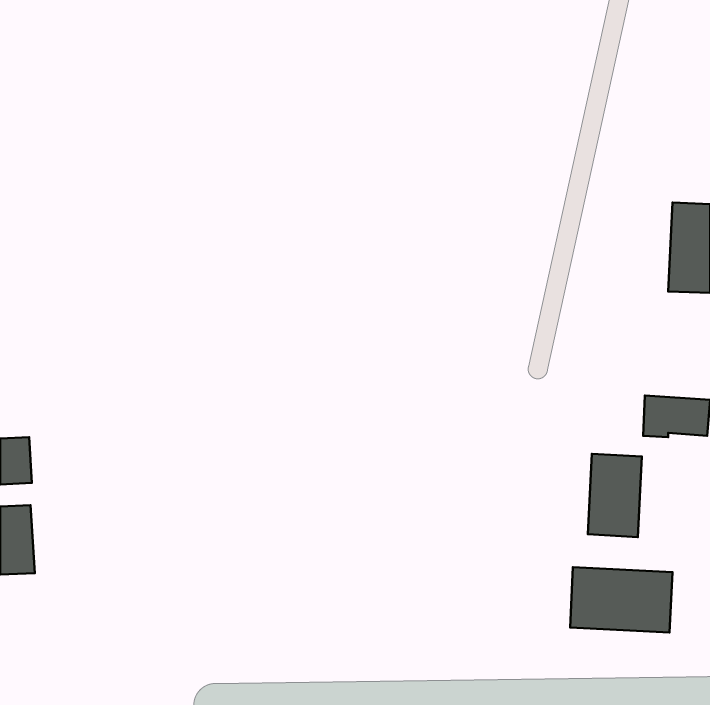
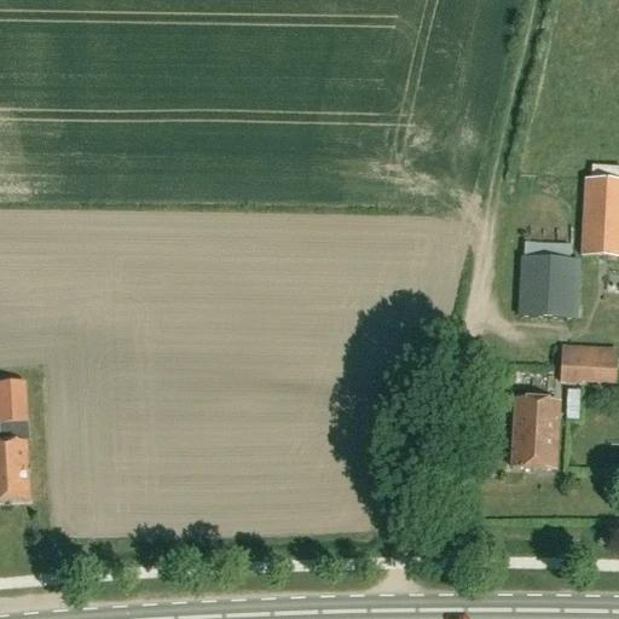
building: none -> [523,253,579,314]
building: [570,567,672,633] -> none

